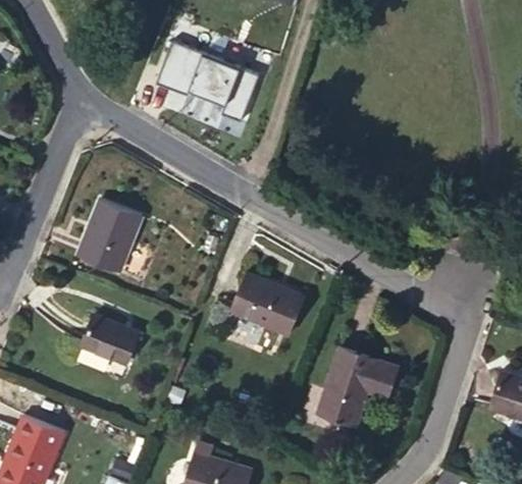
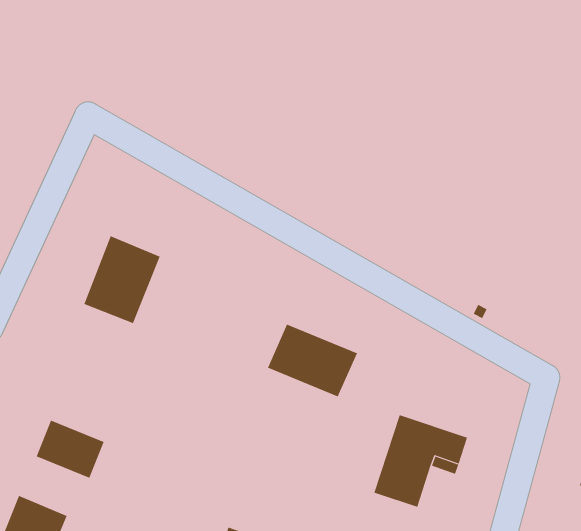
building: [157,43,256,122] -> none
building: [81,315,138,364] -> [36,420,105,479]

